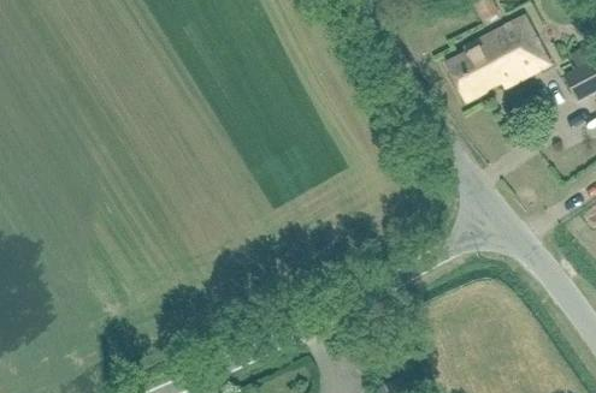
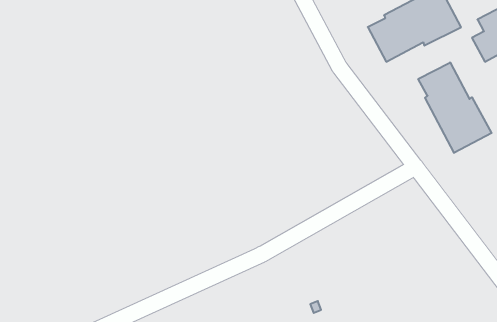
building: none -> [418,62,492,153]

